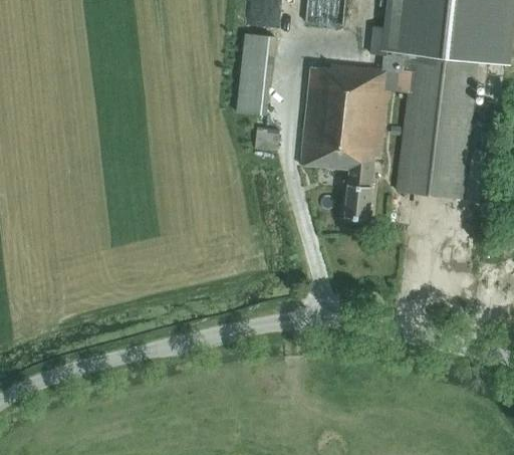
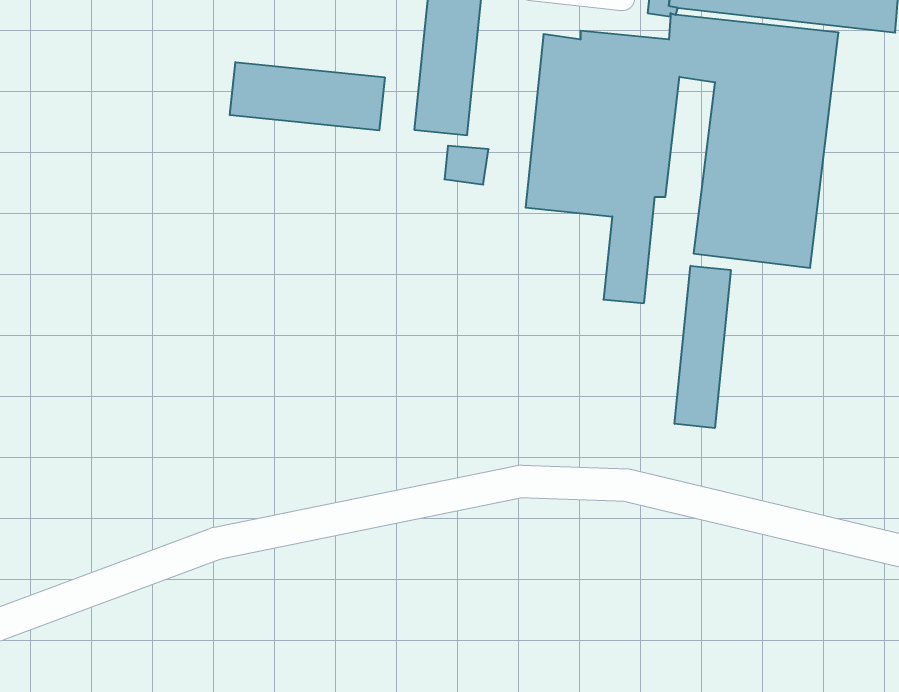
building: none -> [230,62,385,130]
building: none -> [675,266,731,428]

